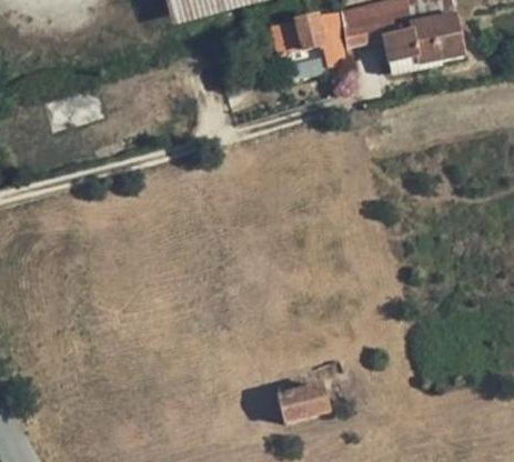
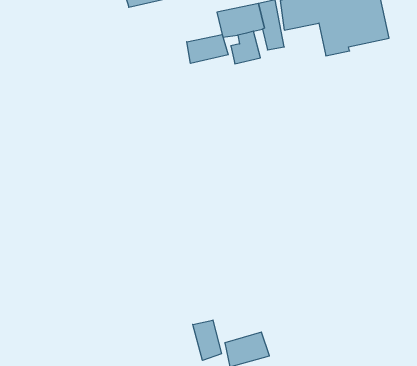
building: none -> [187,34,228,63]
building: none -> [193,320,222,360]

